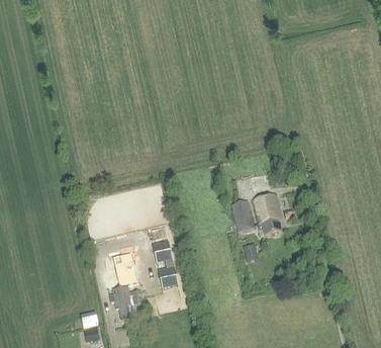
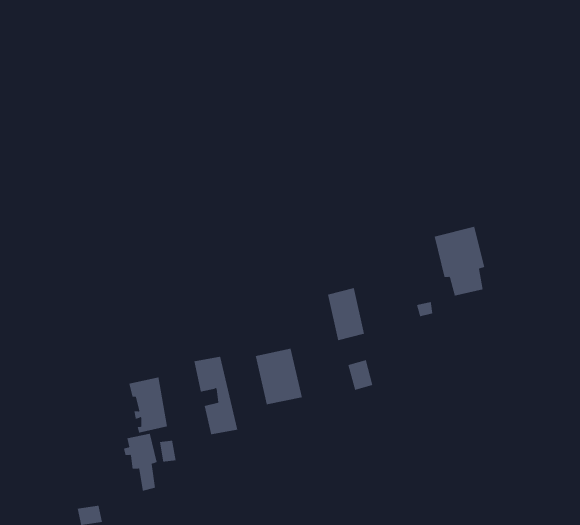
building: [252,192,282,234] -> [434,226,485,296]
building: none -> [255,348,303,405]

